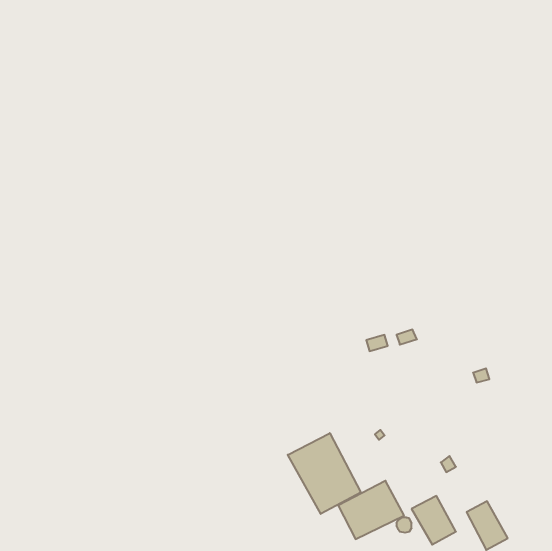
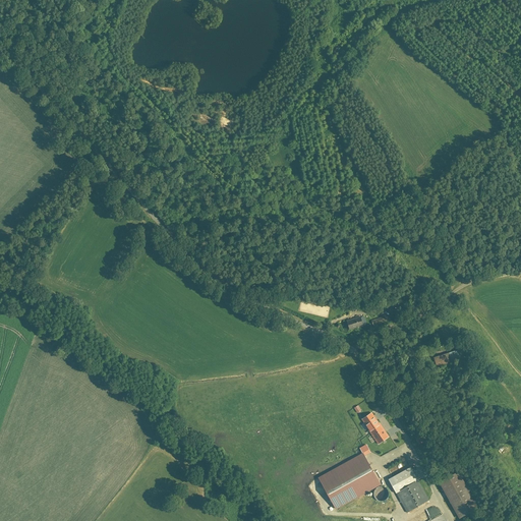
building: [288,433,361,514] -> none
building: none -> [360,409,390,442]

